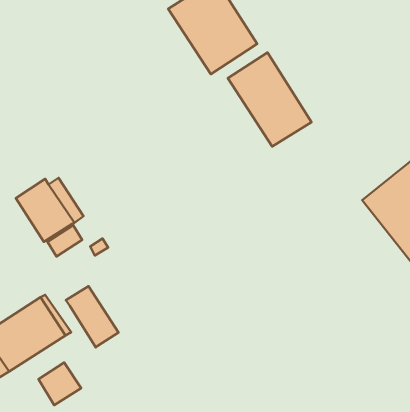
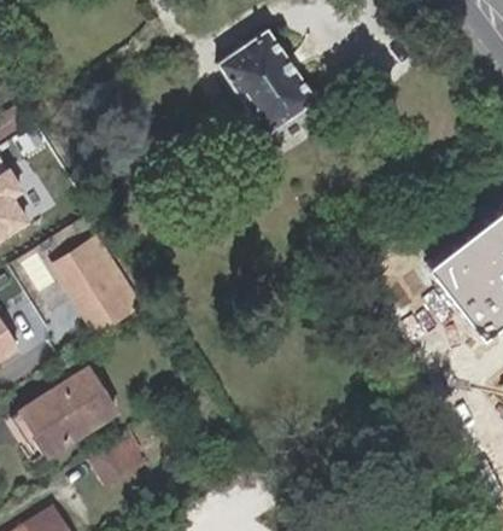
building: [228,53,312,147] -> none
building: [66,286,119,347] -> none

